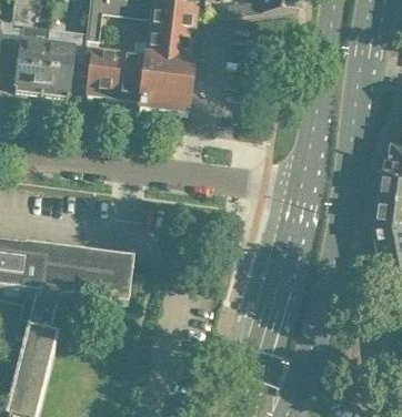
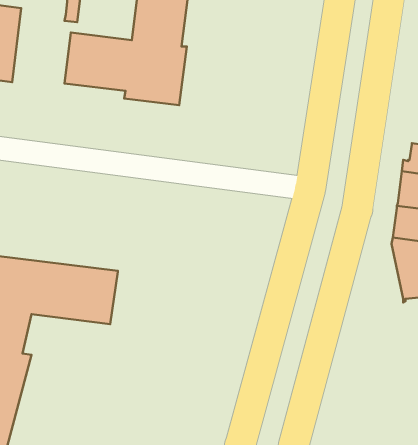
building: [41,27,88,94] -> none

